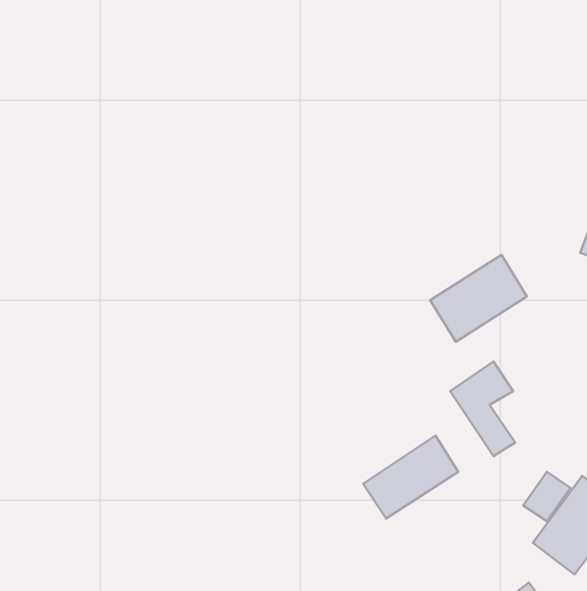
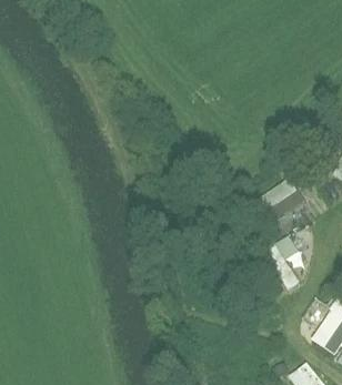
building: [363,435,458,518] -> none

